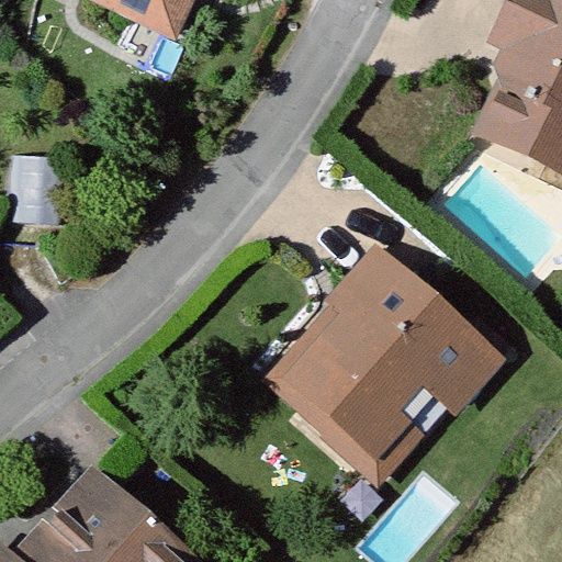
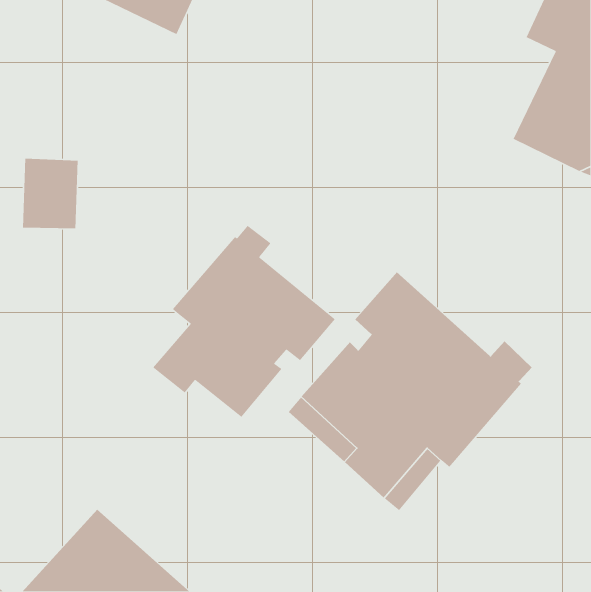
building: none -> [152,225,336,418]

